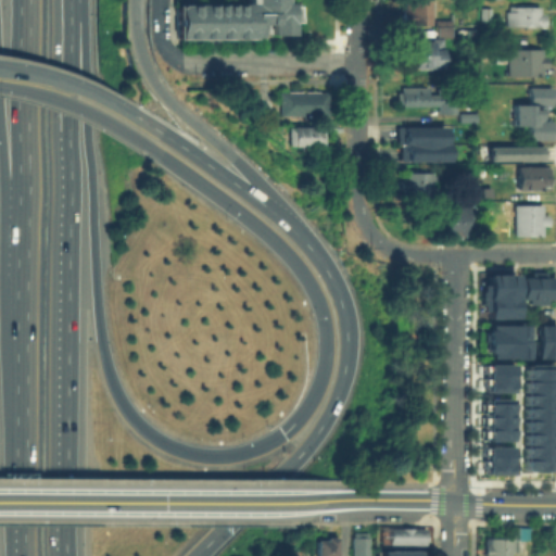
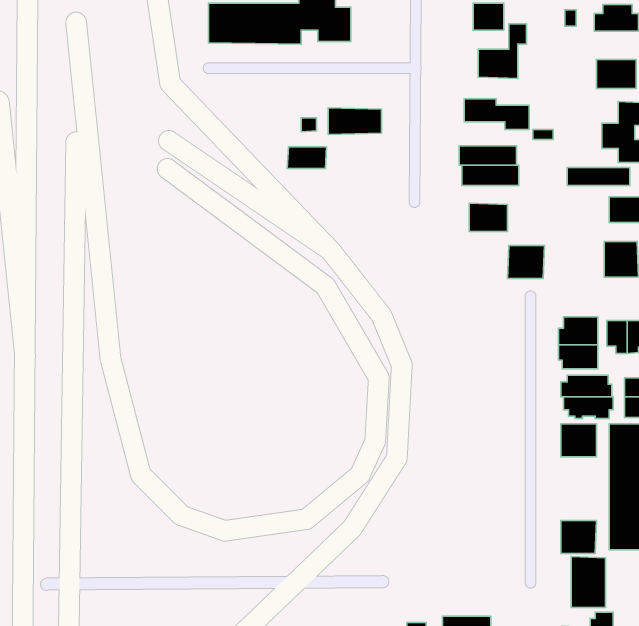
building: [293,130,327,149] -> [287,147,327,169]
building: [486,397,516,441] -> [571,557,605,608]

